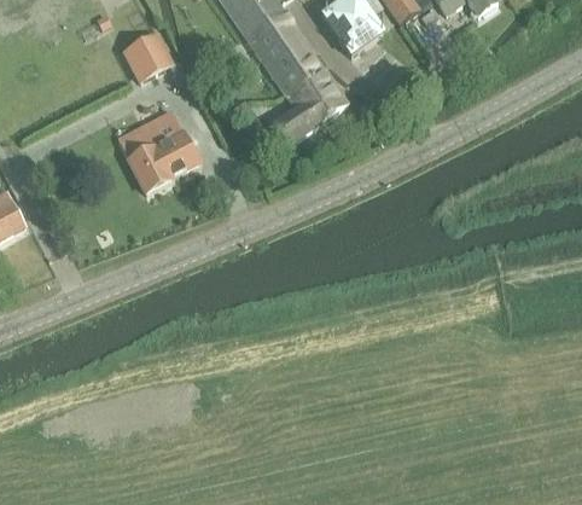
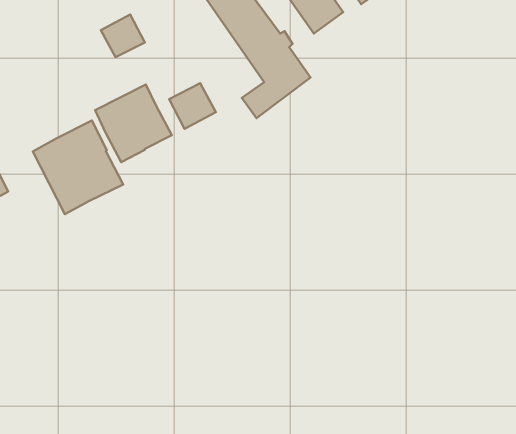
building: none -> [169,83,216,129]
building: none -> [33,121,123,214]

